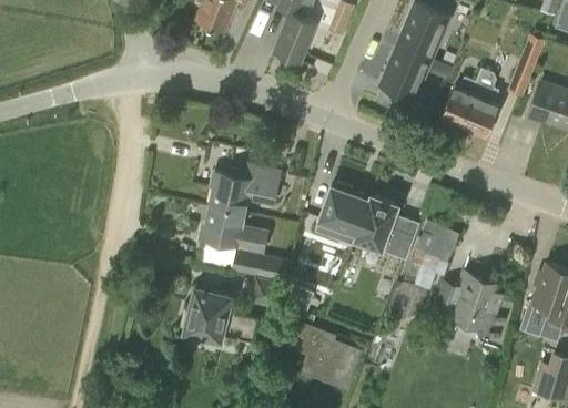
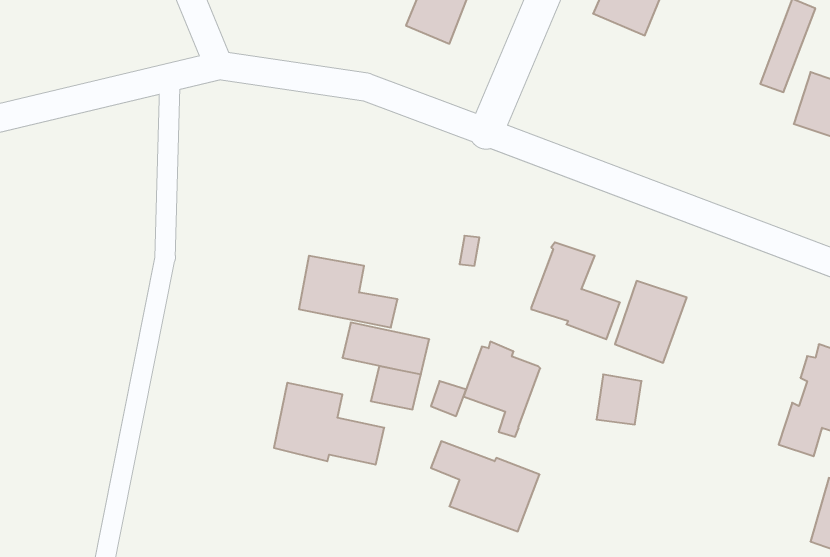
building: [381,43,432,99] -> none
building: [439,68,501,139] -> none
building: [209,165,280,211] -> none
building: [320,182,371,245] -> [463,342,540,437]
building: [430,274,504,332] -> none

